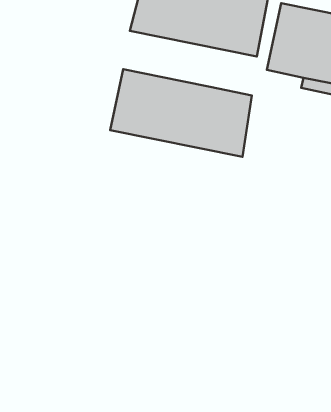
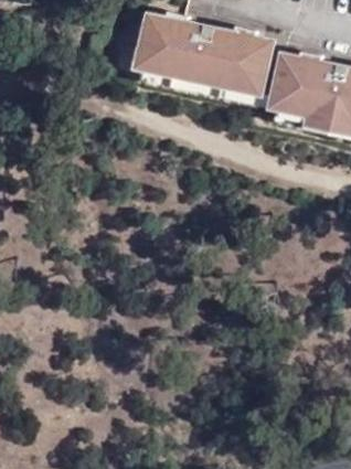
building: [110,69,252,157] -> none

